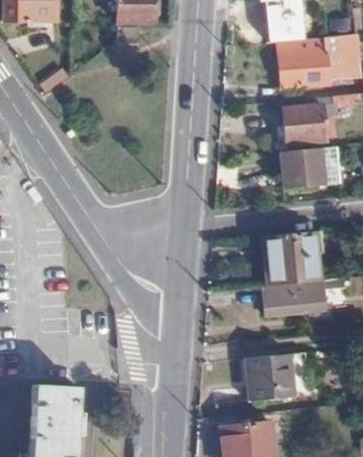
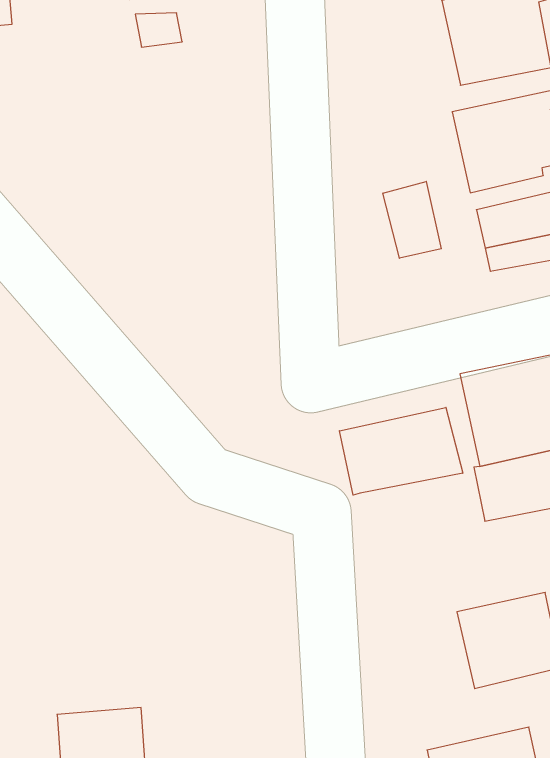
building: none -> [383,181,441,258]
building: none -> [339,407,463,495]

